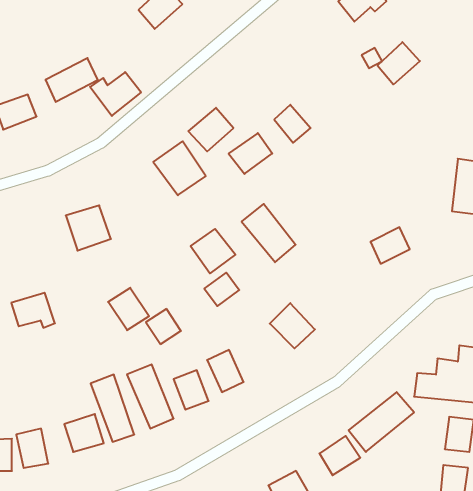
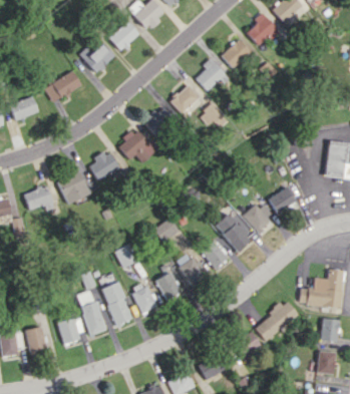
building: none -> [196,58,227,92]
building: [378,42,420,84] -> [222,39,251,68]
building: [90,72,141,116] -> [80,43,115,73]
building: [229,133,272,174] -> [169,85,200,113]
building: none -> [88,150,120,180]
building: [242,204,296,262] -> [214,212,251,252]
building: [191,229,235,273] -> none
building: none -> [243,202,272,232]
building: [108,288,149,330] -> none
building: [11,293,55,328] -> [25,186,55,211]
building: none -> [176,252,206,287]

